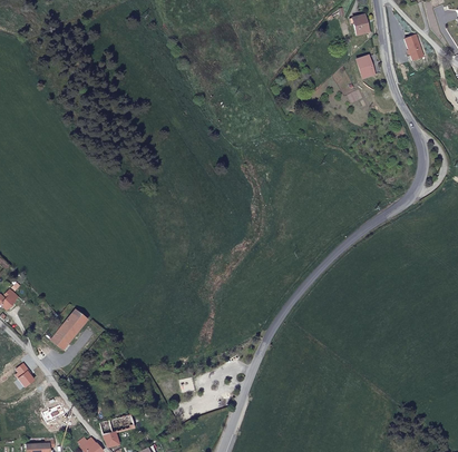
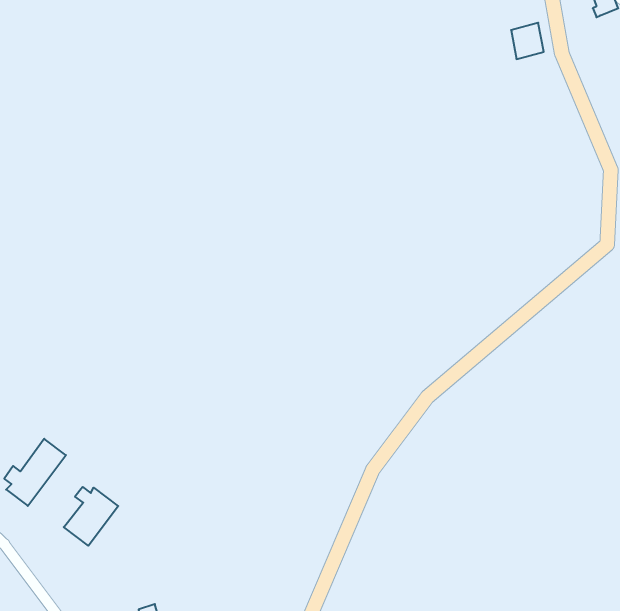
building: none -> [64,487,118,546]

